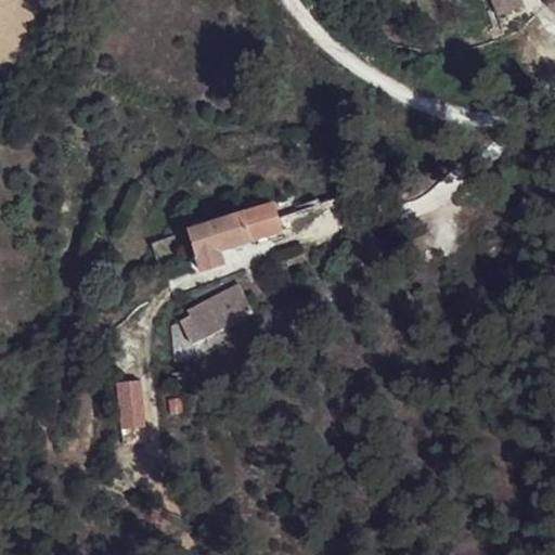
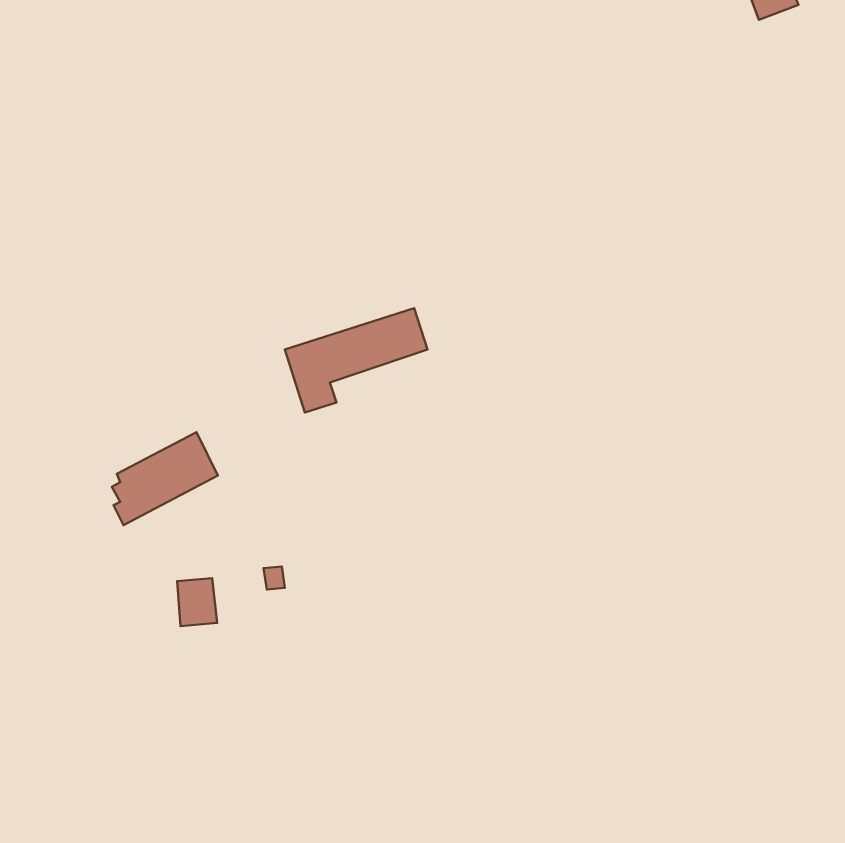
building: [184,283,254,344] -> [112,432,218,525]

